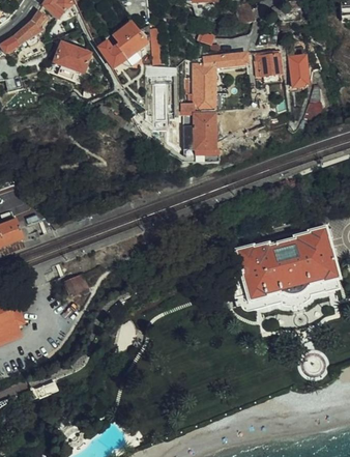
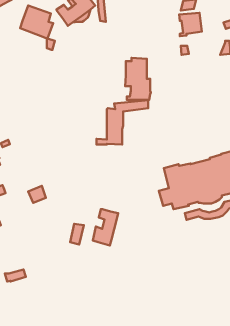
building: [181,52,247,109] -> [96,100,148,144]
building: [291,53,310,87] -> none
building: none -> [93,209,118,245]

